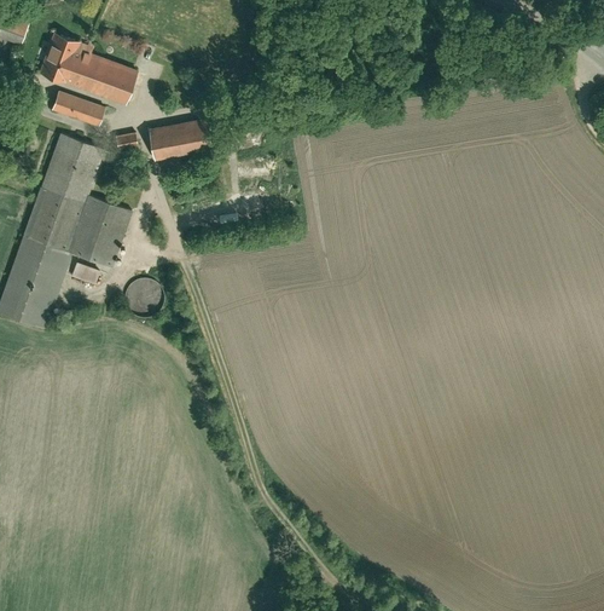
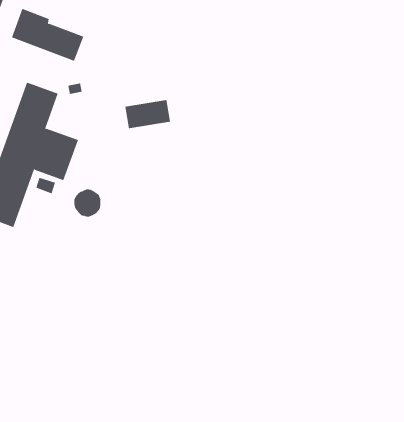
building: [50,92,104,127] -> none
building: [149,121,211,161] -> [125,99,171,129]

